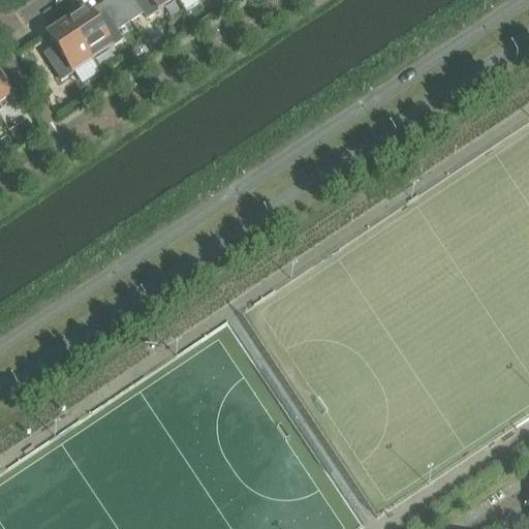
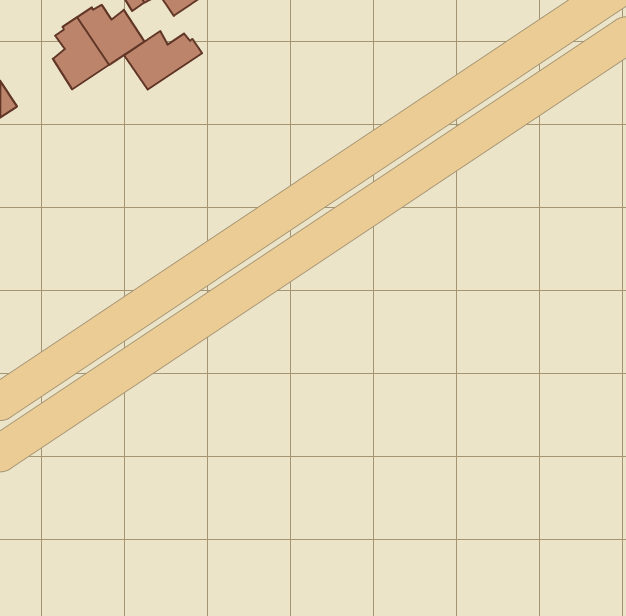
building: none -> [124,31,202,90]

